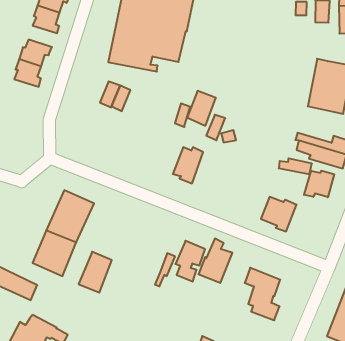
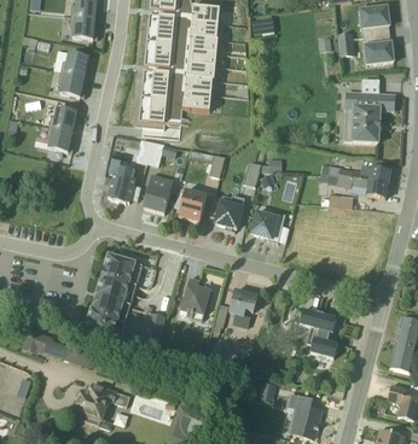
building: [187,91,216,126] -> [180,188,207,222]
building: none -> [109,163,137,203]
building: none -> [143,174,174,214]
building: [304,171,334,197] -> none
building: [261,197,297,231] -> [251,210,285,243]
building: [198,239,232,283] -> [179,276,210,320]

